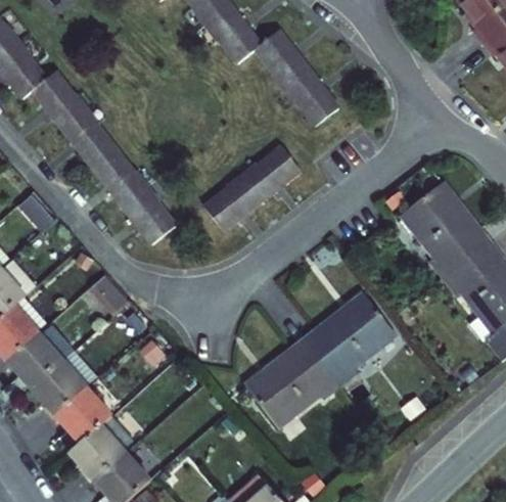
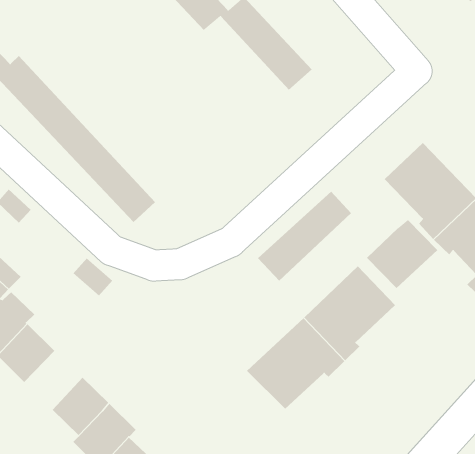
building: [203,142,300,226] -> [257,191,352,282]
building: none -> [366,219,438,289]
building: [31,358,88,415] -> none

